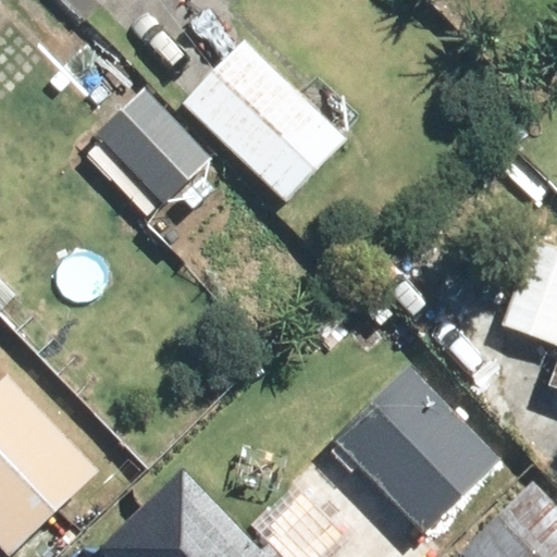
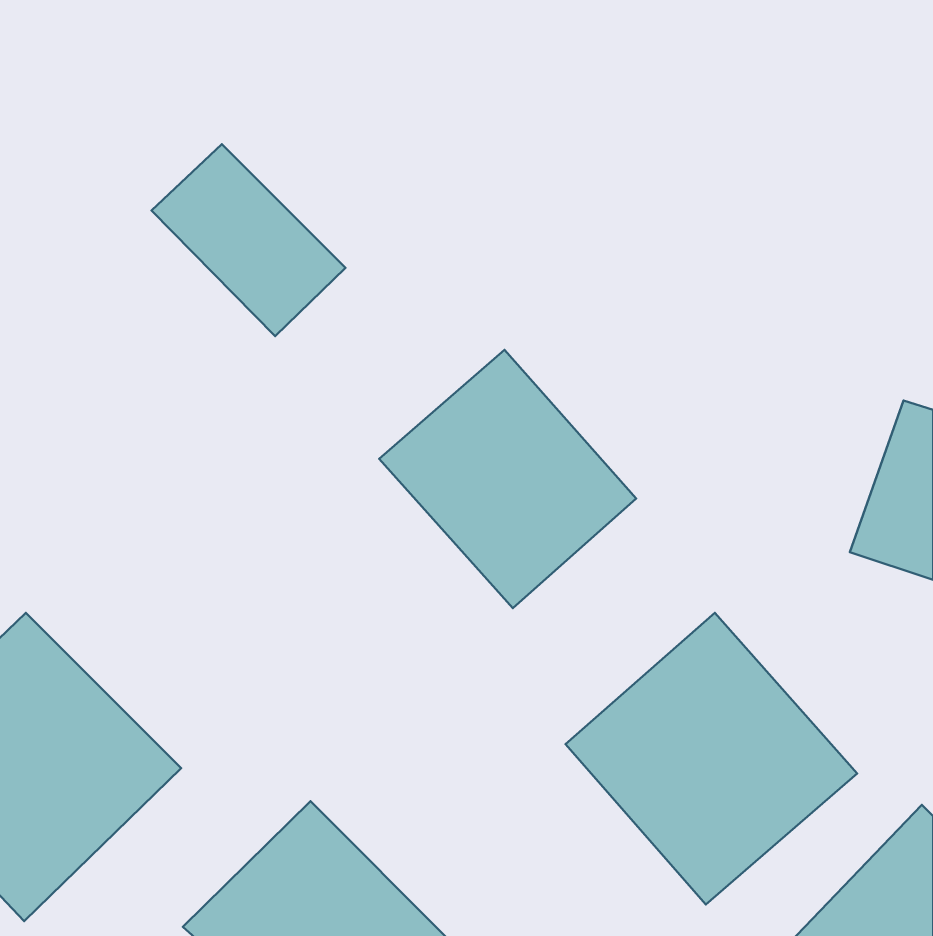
building: [185,39,349,207] -> none
building: none -> [379,350,636,608]

